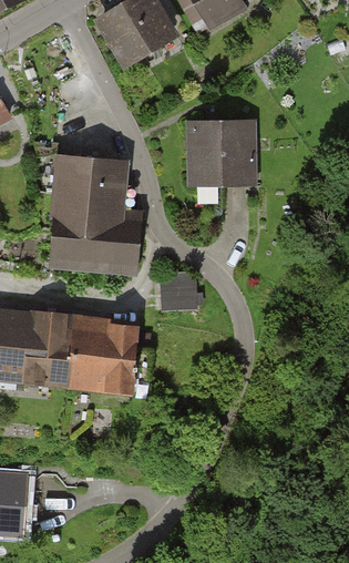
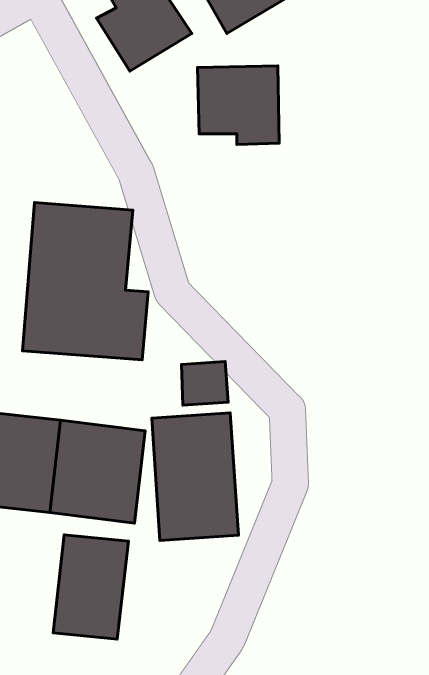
building: [192,125,252,183] -> [198,66,279,145]
building: none -> [152,413,238,541]
building: none -> [53,535,129,639]

